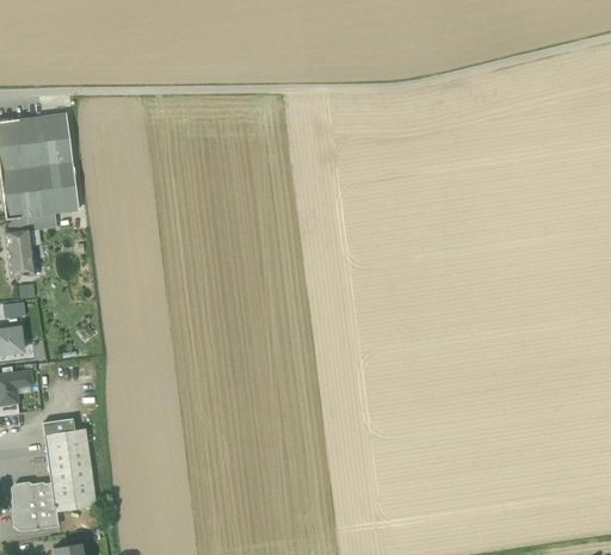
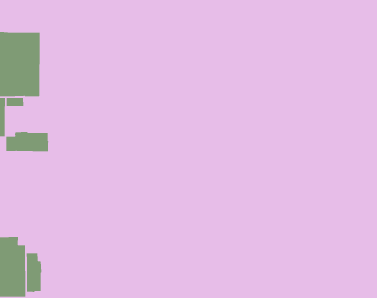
building: none -> [5,131,49,152]
building: none -> [26,253,42,293]

